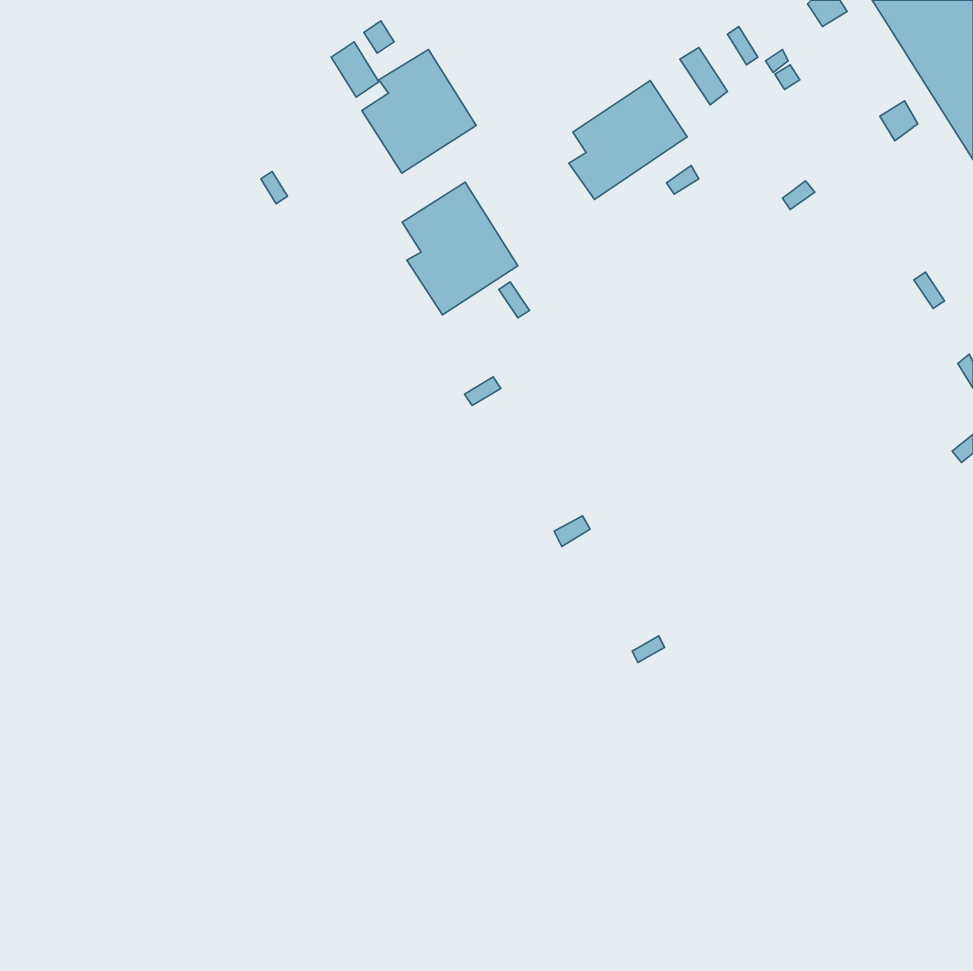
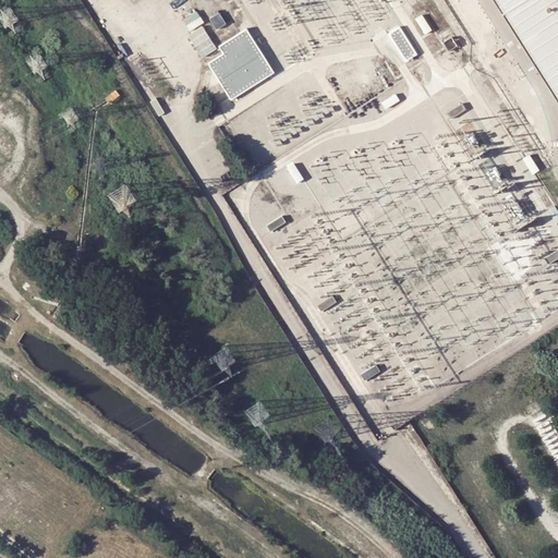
building: [569,81,687,199] -> none
building: [402,182,518,315] -> none

